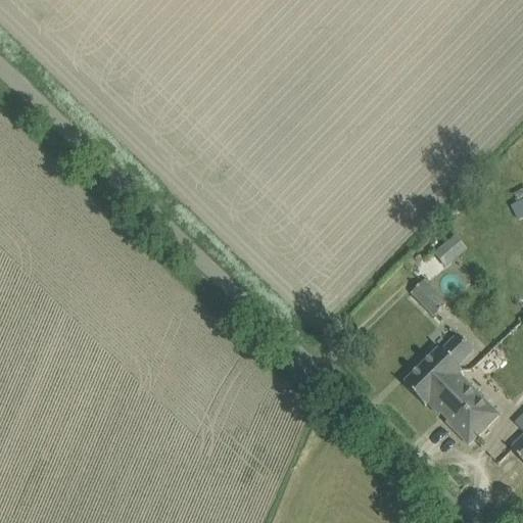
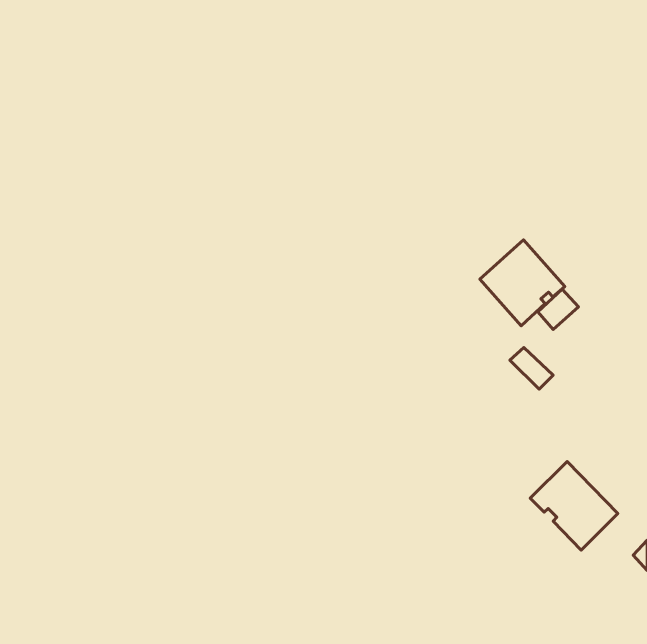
building: none -> [480,240,565,326]
building: [402,333,472,405] -> none

